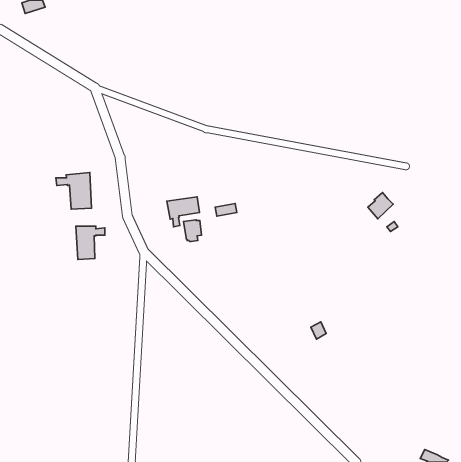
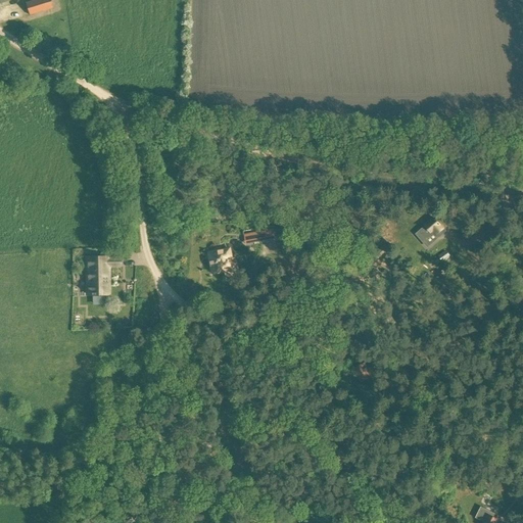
building: [56,173,92,209] -> none
building: [167,197,199,227] -> none

